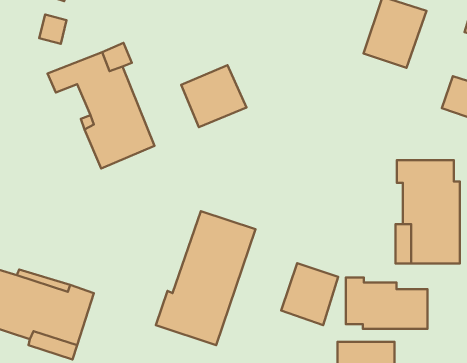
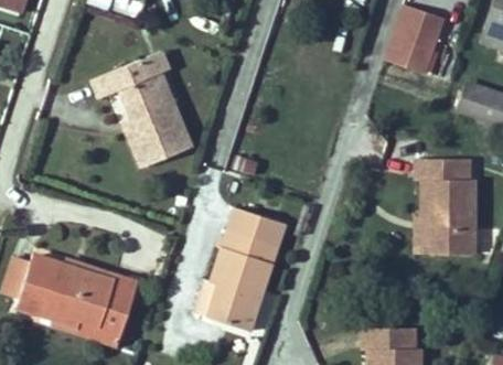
building: [181,65,247,127] -> none
building: [281,263,338,325] -> none
building: [346,278,428,329] -> none

